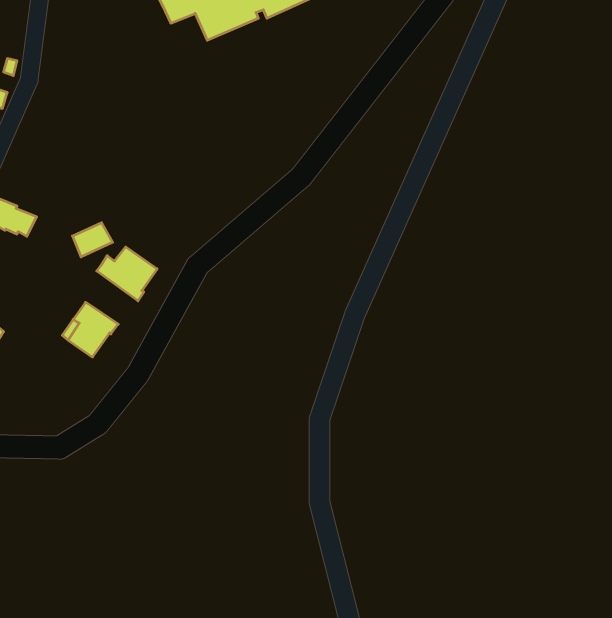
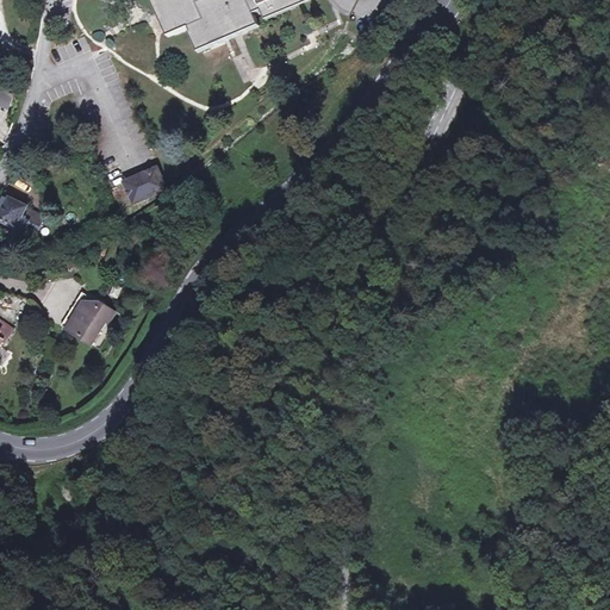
building: [72,223,113,257] -> [117,169,156,203]
building: [97,247,157,301] -> none

